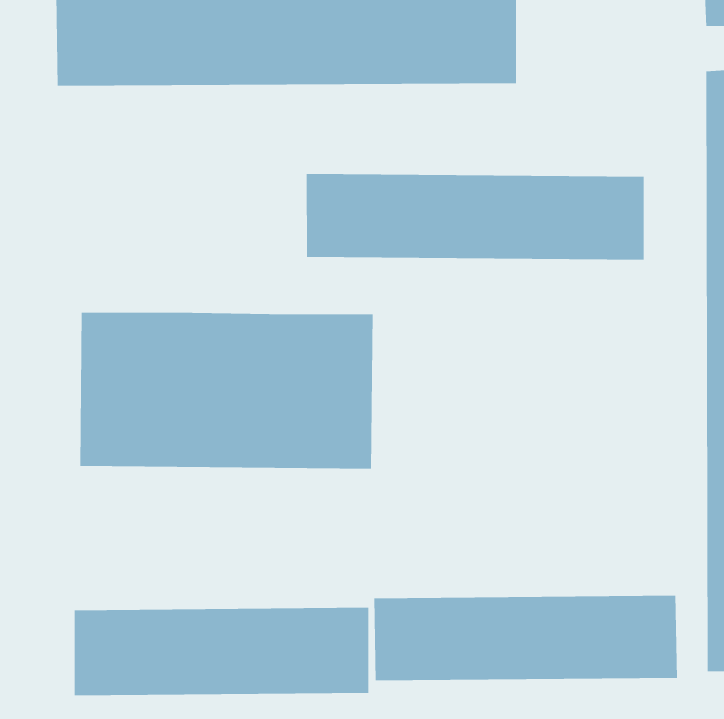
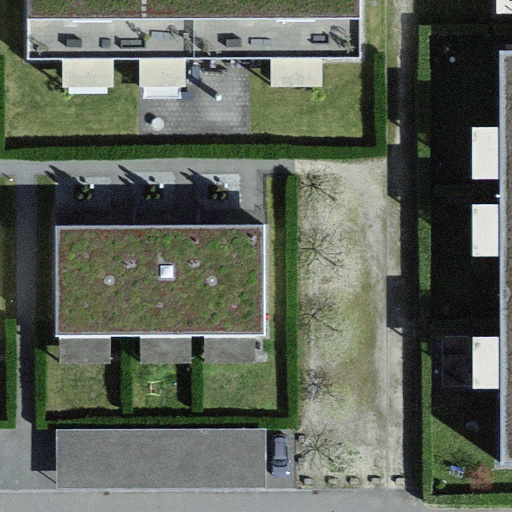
building: [306,173,645,261] -> none
building: [373,595,678,681] -> none

